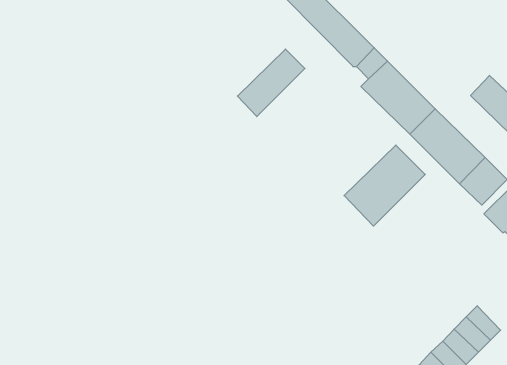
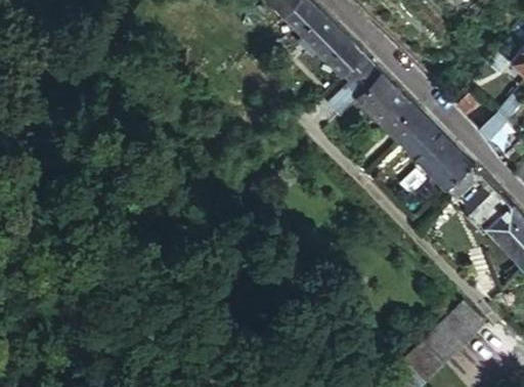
building: [237,49,305,117] -> none
building: [344,145,425,226] -> none

